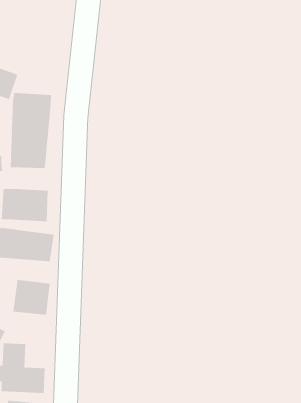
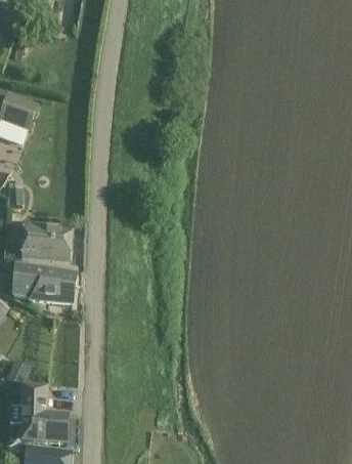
building: [10,92,51,169] -> none
building: [13,279,50,315] -> none

